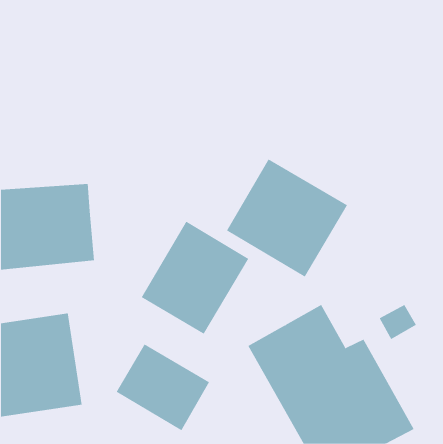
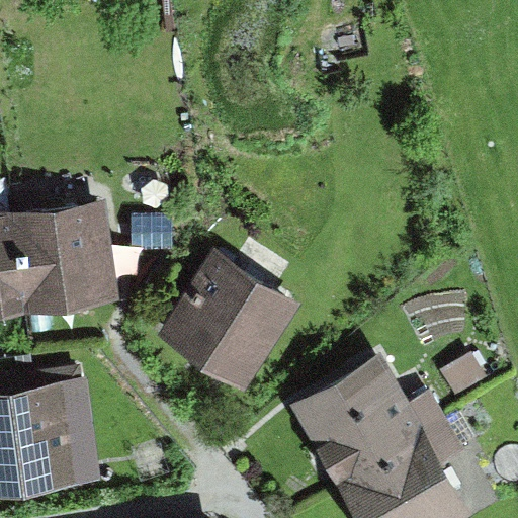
building: [226,159,348,277] -> none
building: [116,344,210,431] -> none

